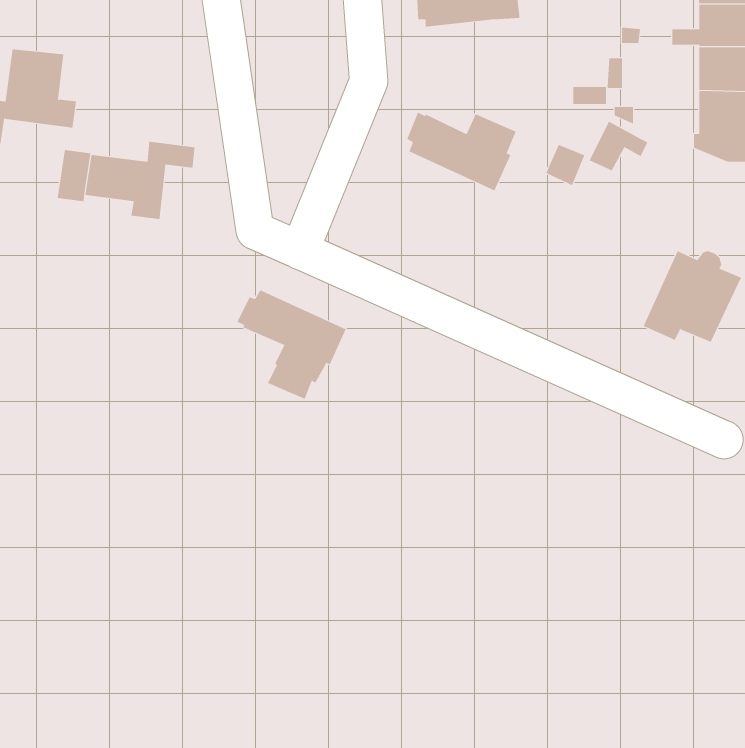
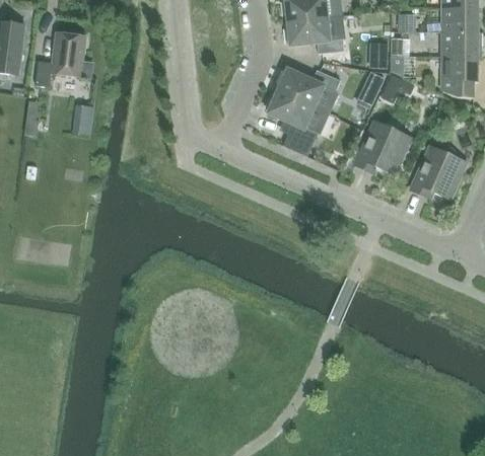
building: none -> [284,16,343,54]
building: [85,141,195,220] -> none
building: none -> [354,122,409,174]
building: [237,289,347,399] -> [265,91,327,153]

